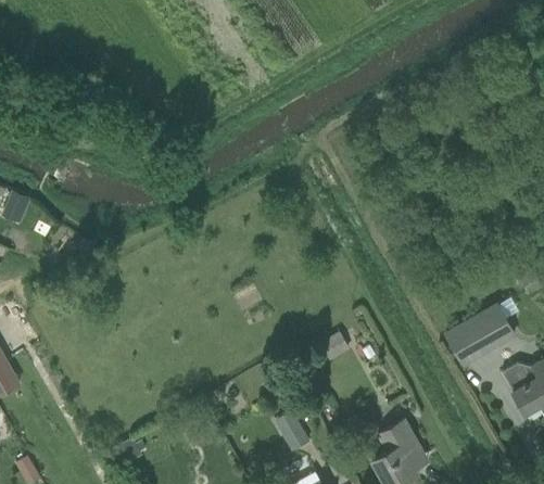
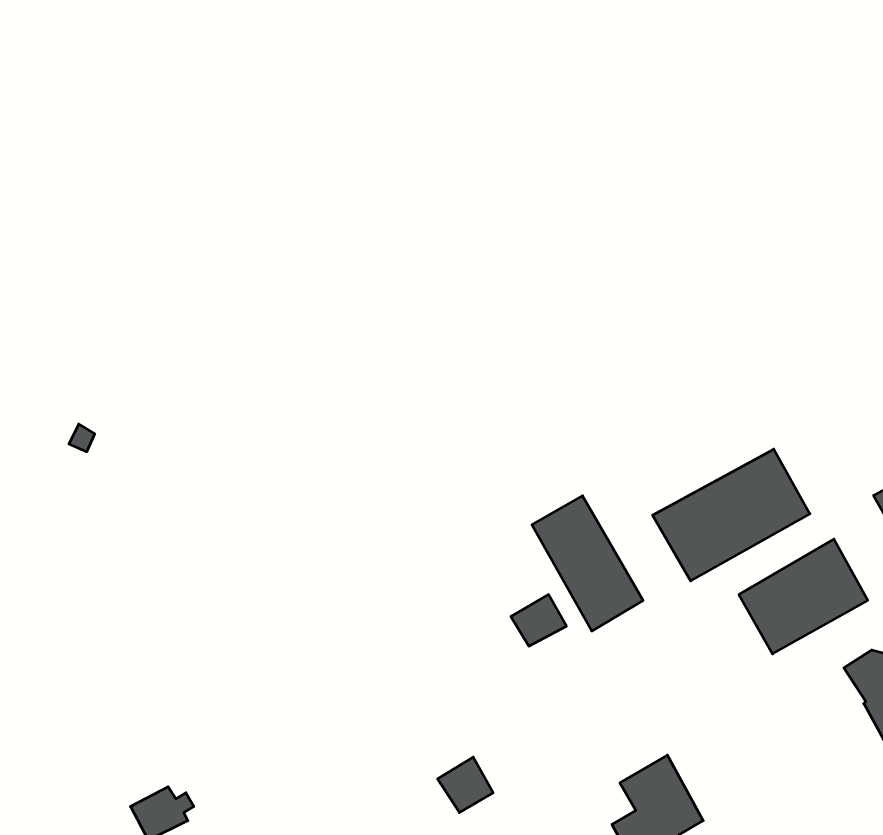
building: none -> [653,449,810,581]
building: none -> [532,496,643,631]

